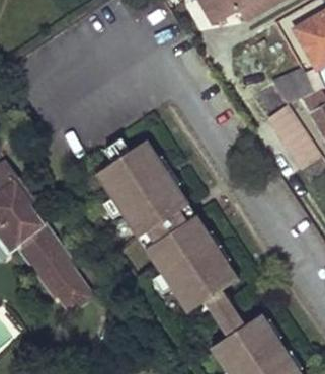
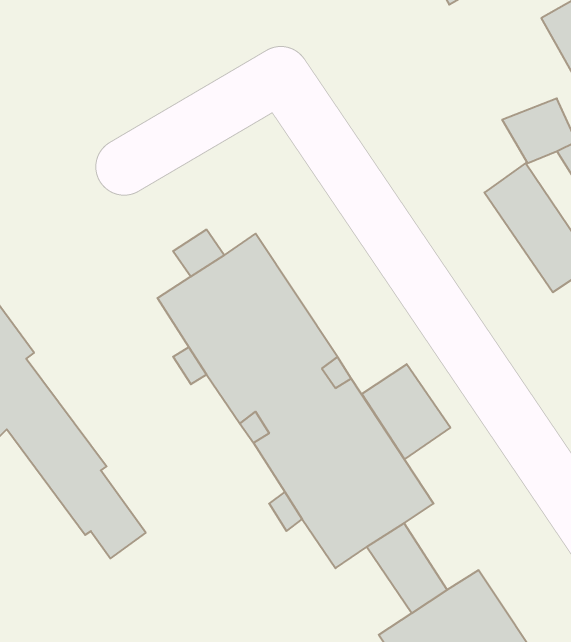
building: none -> [362,364,450,459]

